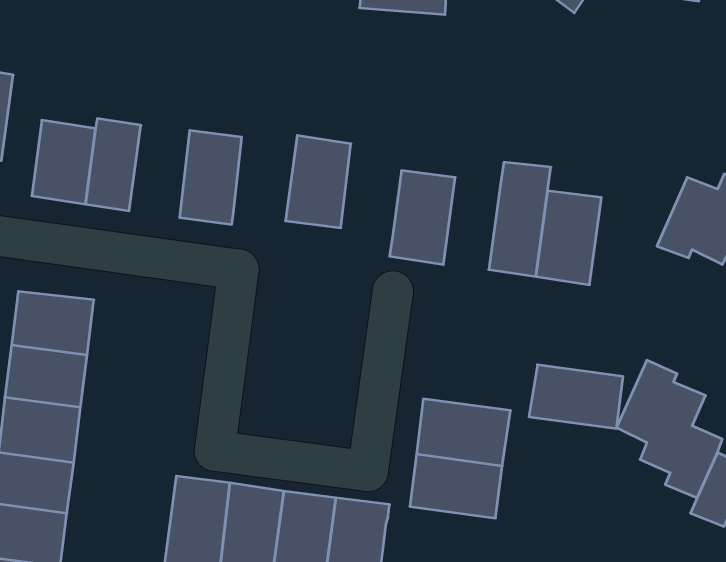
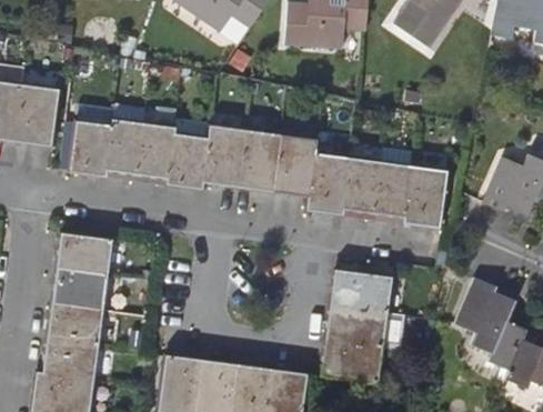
building: none -> [134,122,174,183]
building: none -> [203,124,245,185]
building: none -> [274,134,316,194]
building: none -> [342,157,380,218]
building: [529,365,623,429] -> [329,269,391,311]

